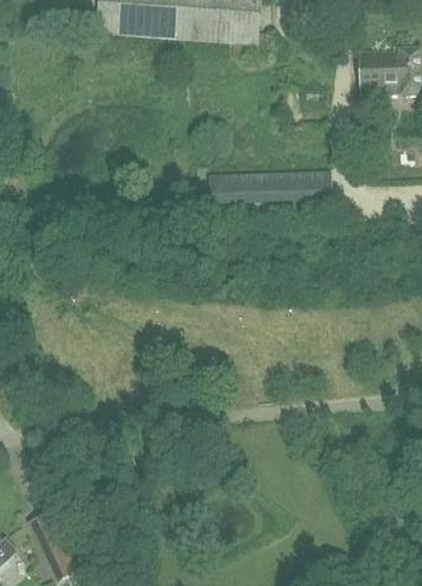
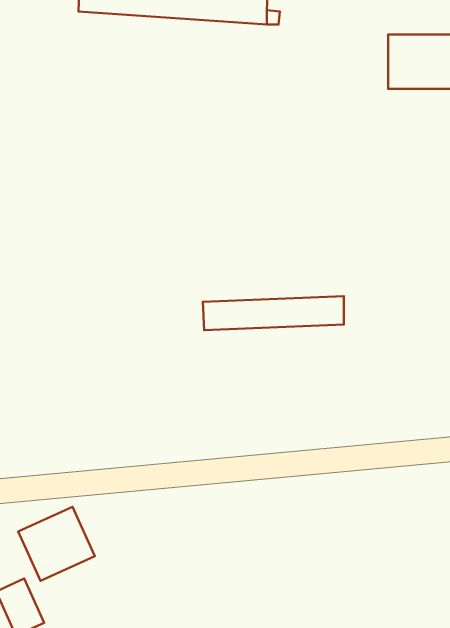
building: [210,173,330,202] -> [203,296,344,330]
building: none -> [18,507,95,581]

